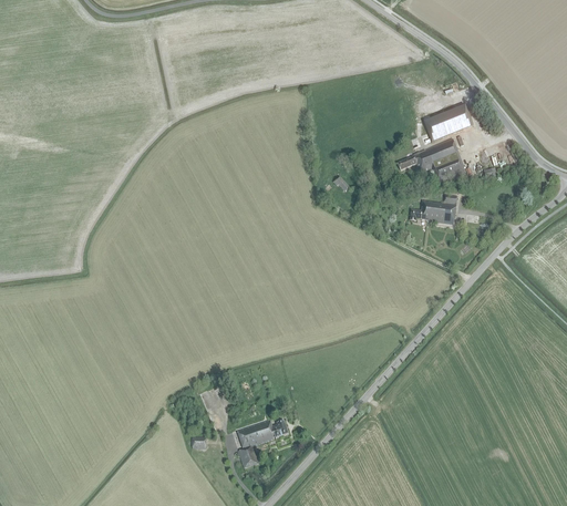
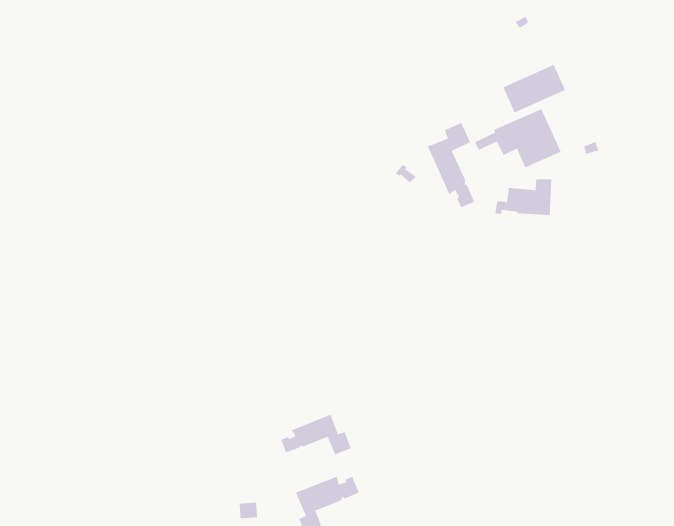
building: none -> [427,122,475,208]
building: none -> [280,414,351,455]

